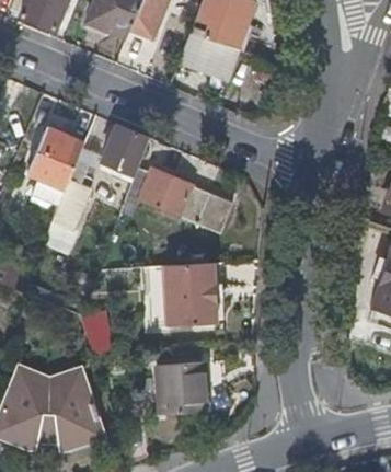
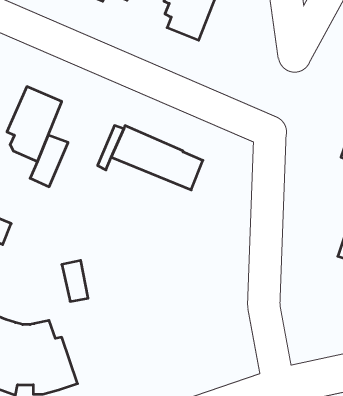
building: [103,124,148,174] -> none
building: [161,262,216,322] -> none
building: [153,361,206,412] -> none

